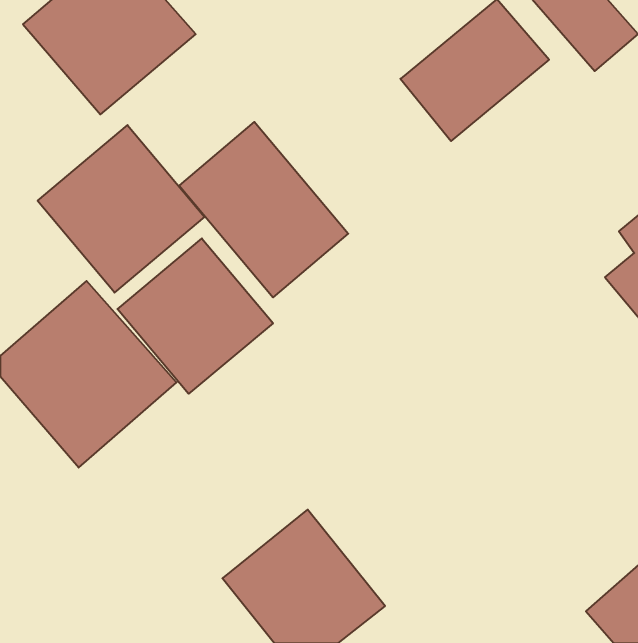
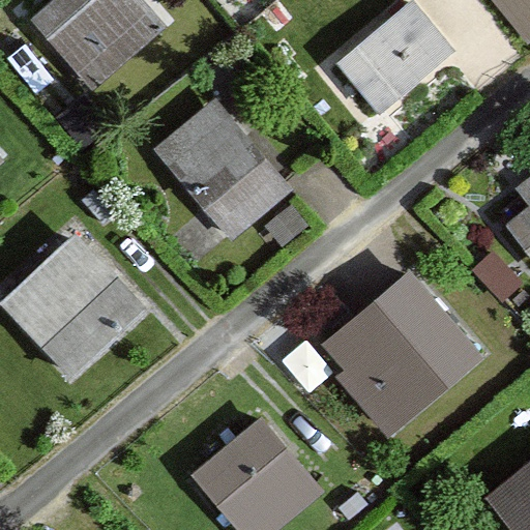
building: [38,125,204,293] -> none
building: [117,238,273,394] -> none
building: none -> [321,267,485,431]

